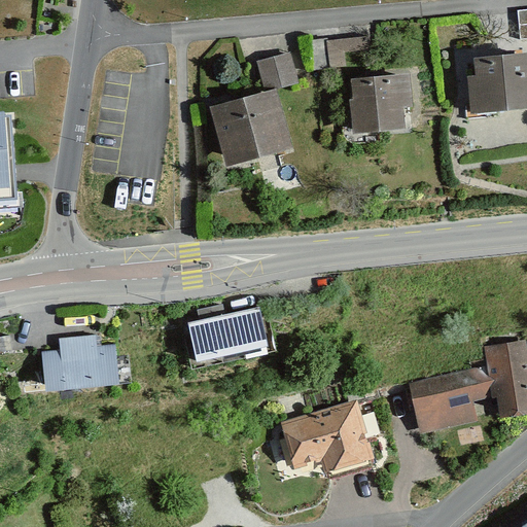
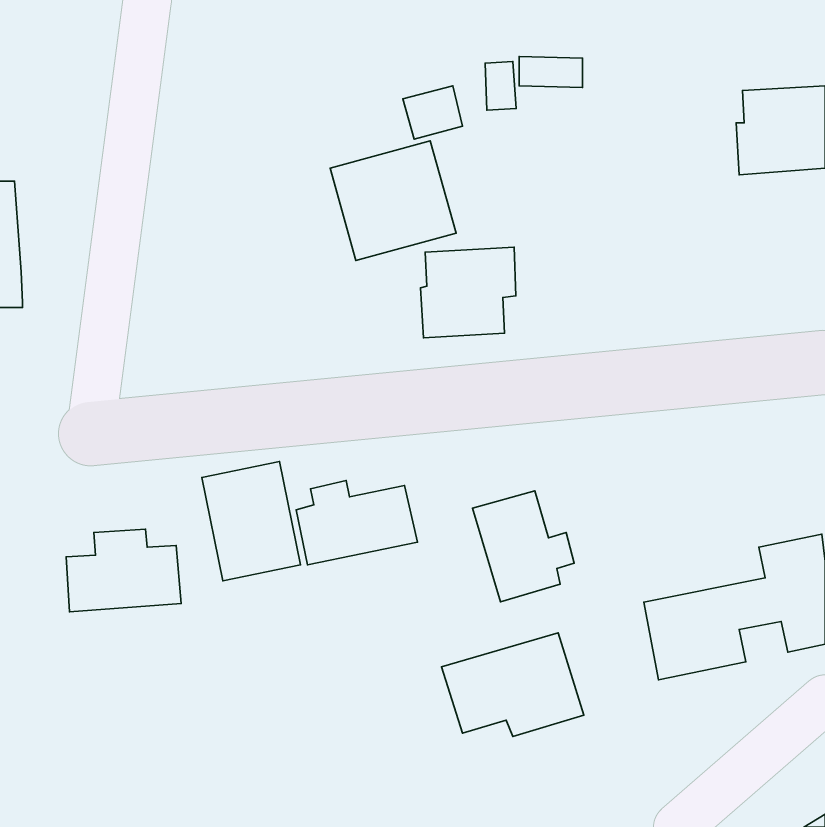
building: [349,75,410,133] -> [420,247,516,338]
building: none -> [202,461,300,581]
building: none -> [473,491,574,602]

